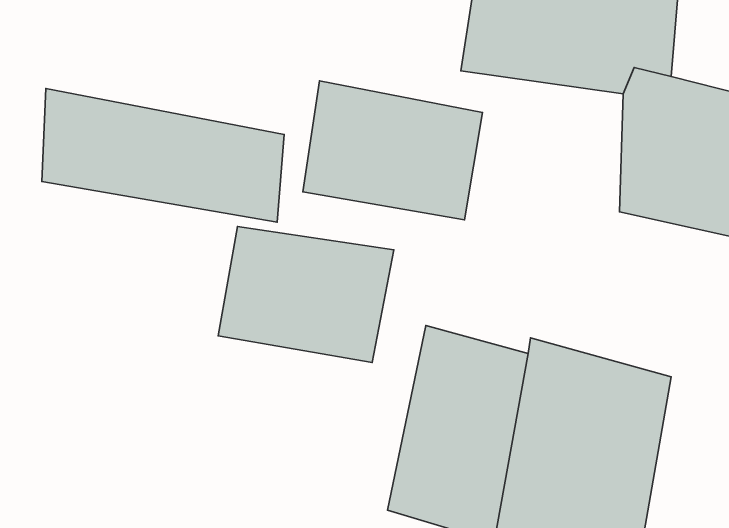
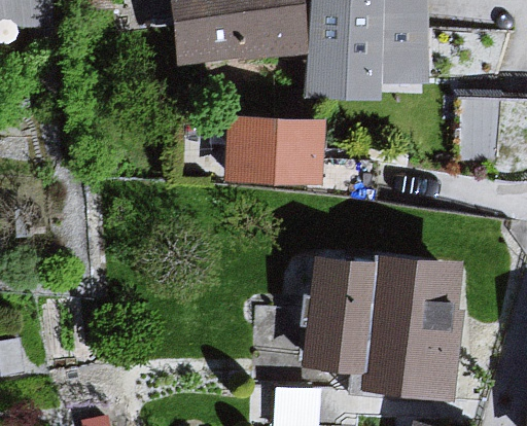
building: [42,89,284,222] -> none
building: [218,227,394,363] -> none

